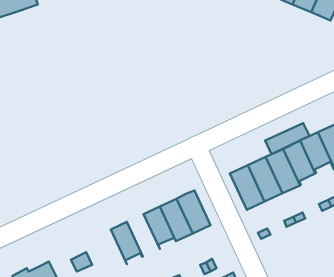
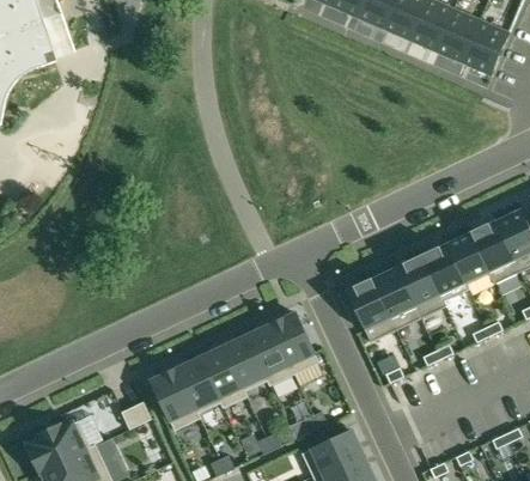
building: [265,123,310,154] -> none
building: none -> [200,347,246,407]
building: none -> [151,369,200,430]

